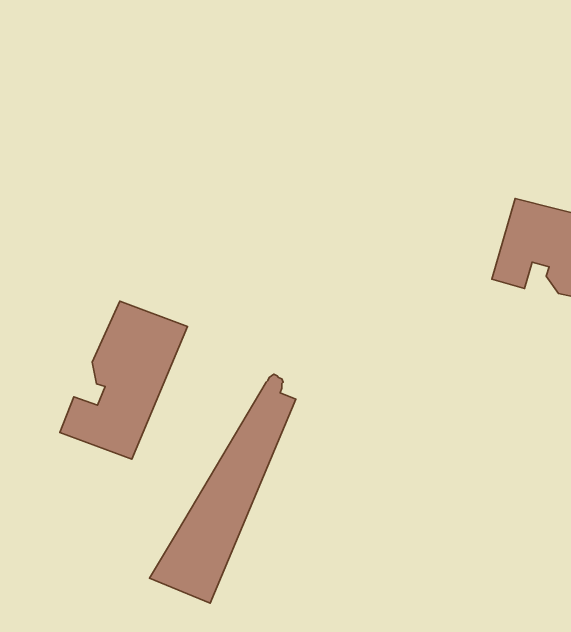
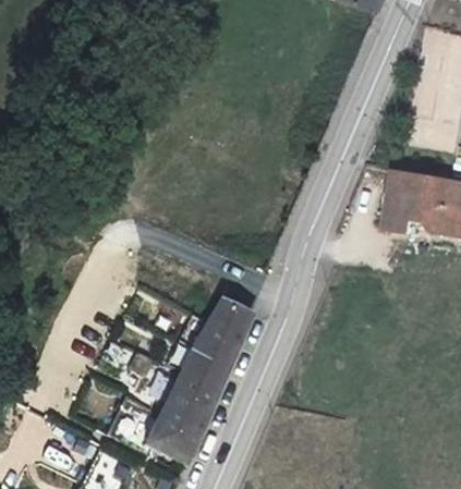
building: [60,301,187,459] -> none

